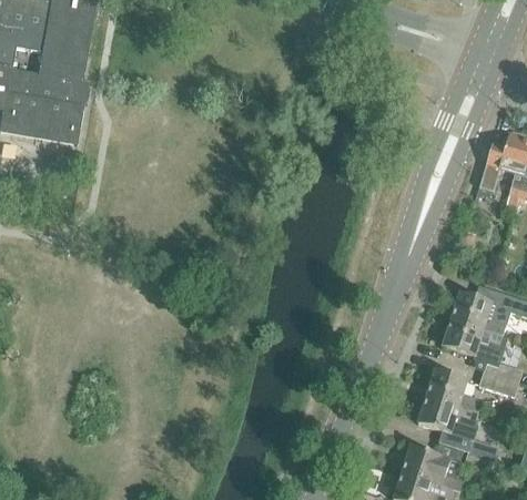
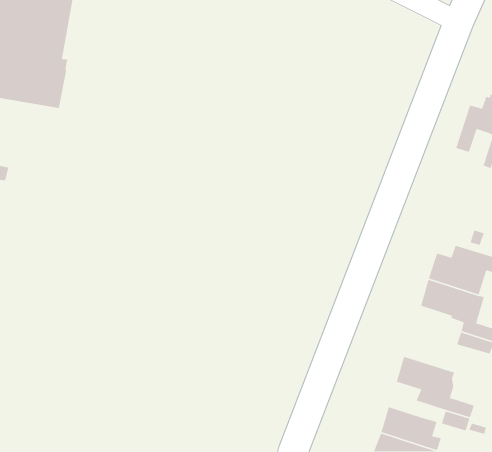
building: [425,368,480,411] -> none

